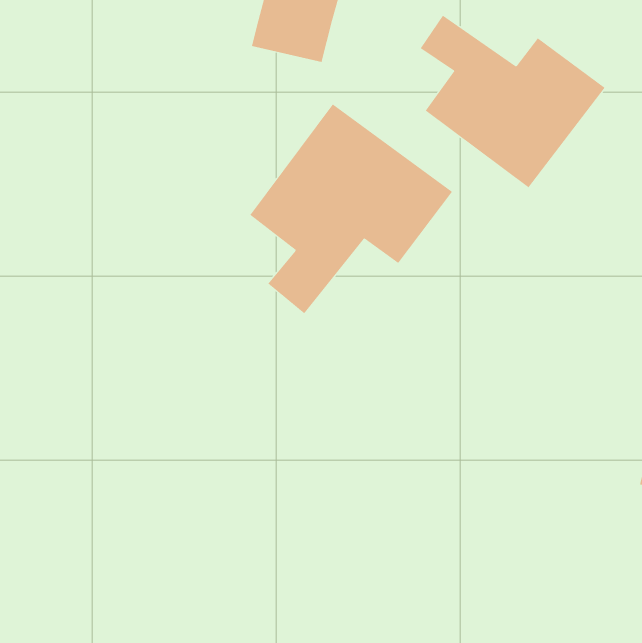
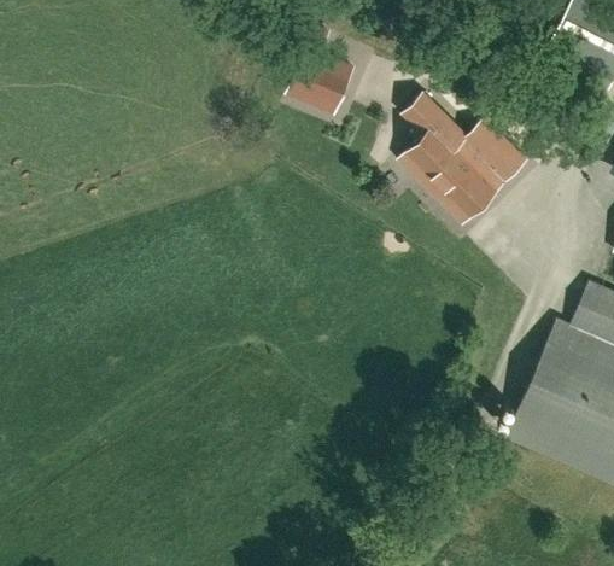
building: [249,104,453,314] -> none

